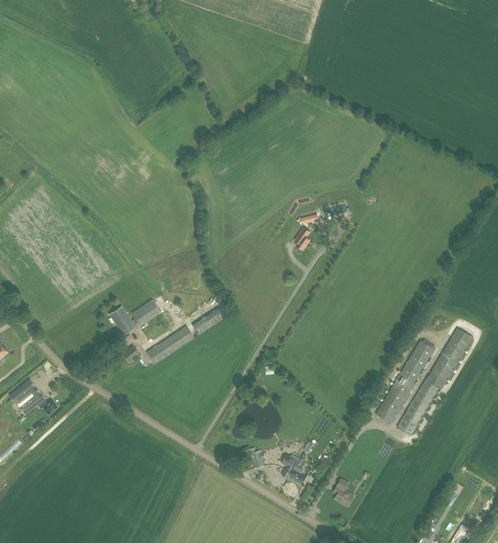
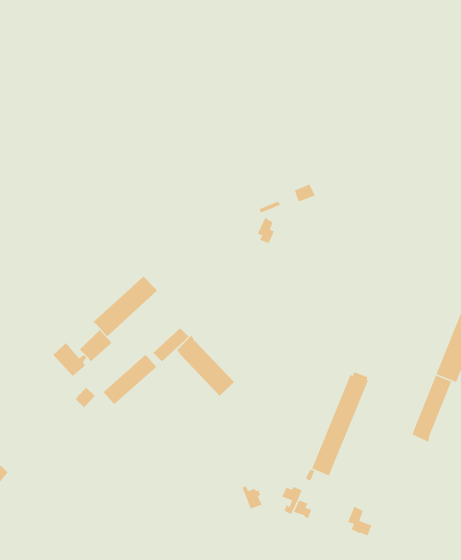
building: none -> [93,276,157,337]
building: none -> [176,335,235,397]
building: [376,337,435,422] -> [311,371,369,476]

